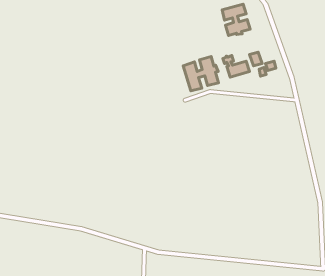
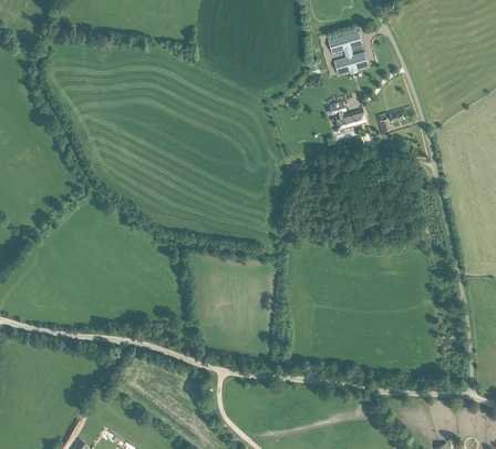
building: [183,57,219,91] -> none

